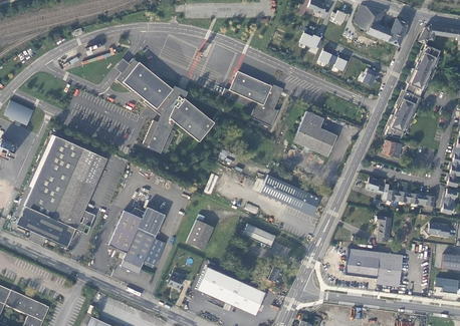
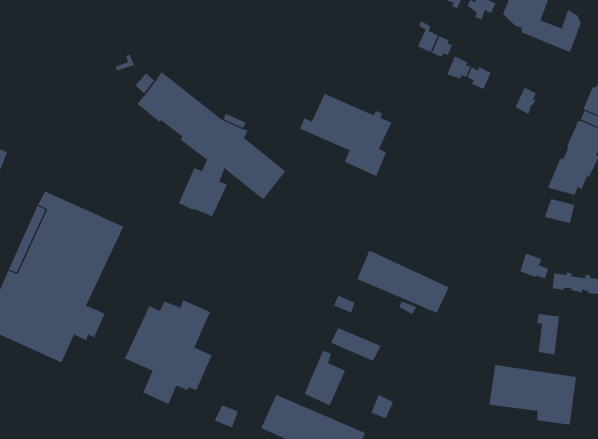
building: [292,110,336,155] -> none
building: [186,214,213,250] -> [304,350,346,406]

